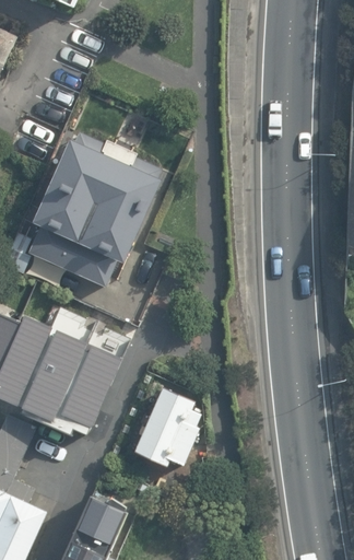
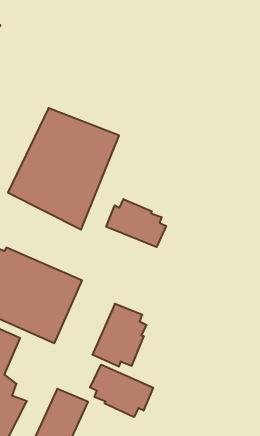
building: none -> [106,199,166,247]
building: none -> [90,365,153,417]

